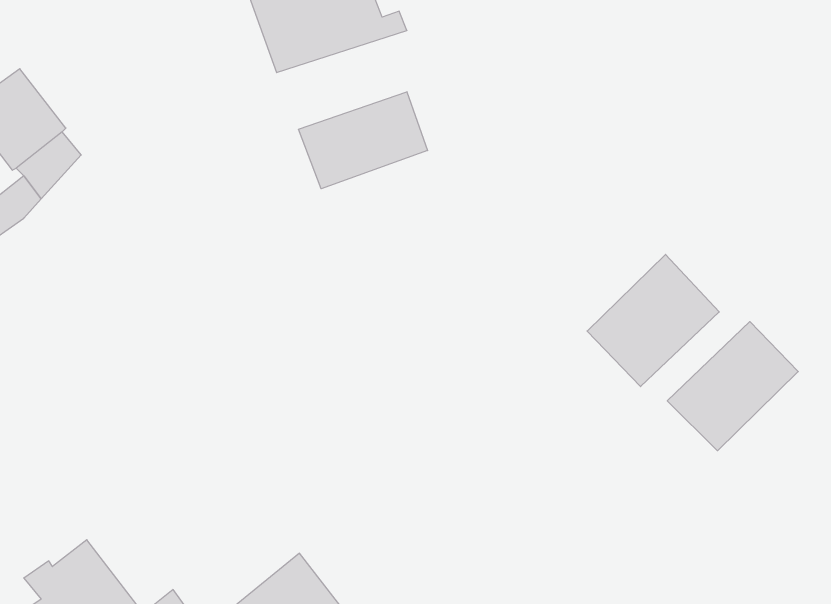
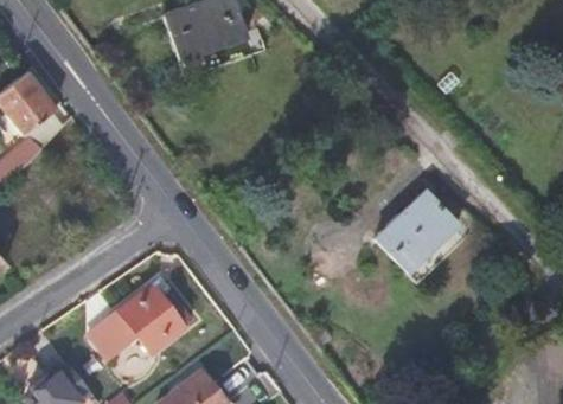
building: [299,92,428,189] -> none
building: [667,322,798,451] -> none
building: none -> [89,286,191,358]

